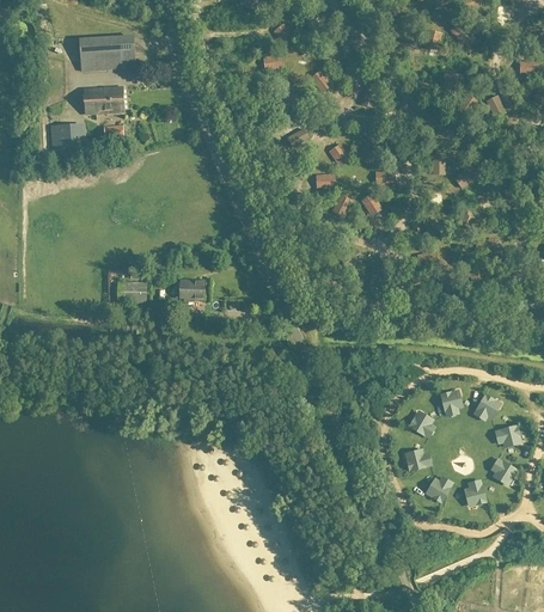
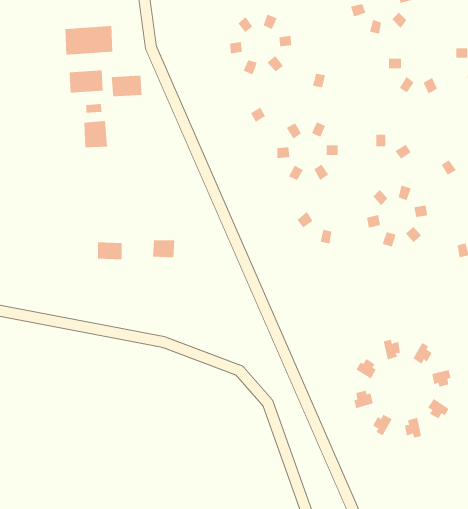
building: none -> [111,75,142,97]
building: [50,122,78,153] -> [84,120,108,148]

